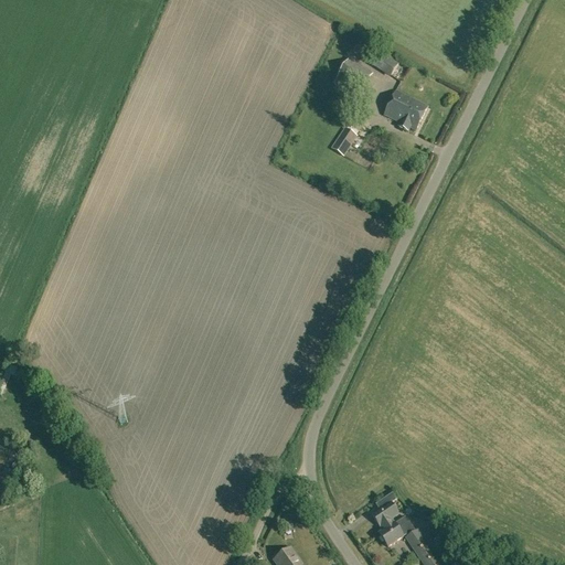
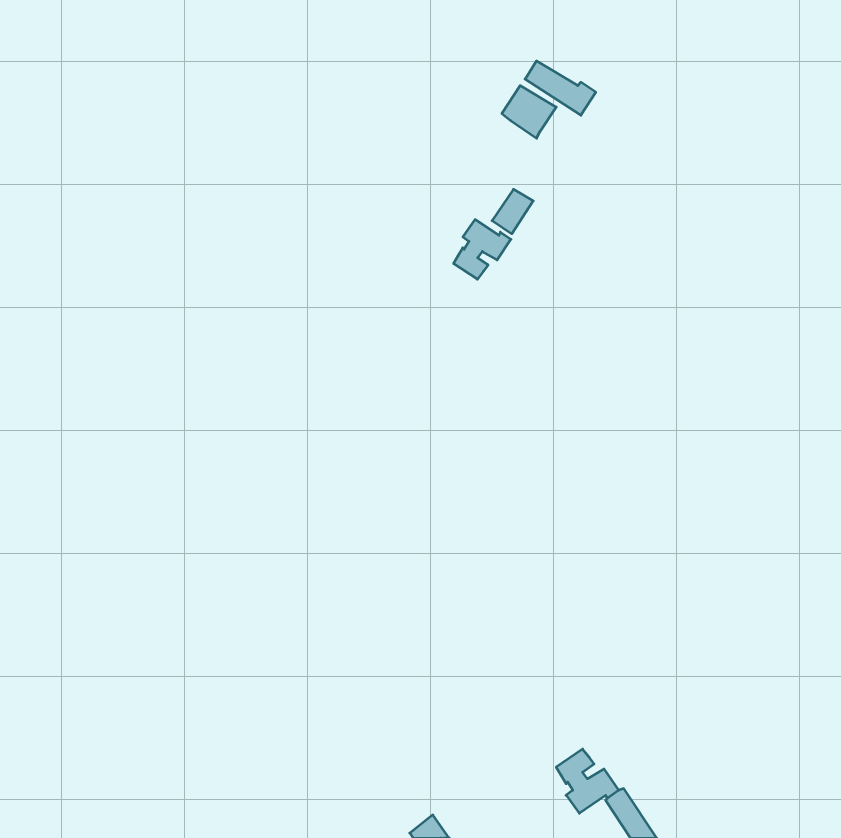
building: [384,89,428,130] -> none
building: none -> [454,220,511,279]

